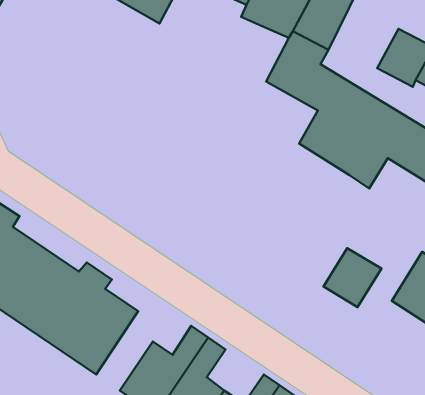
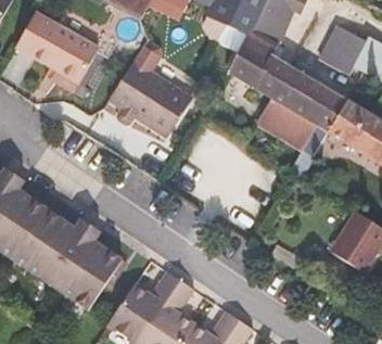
building: none -> [15,12,99,82]
building: none -> [109,60,192,137]
building: [323,248,381,307] -> none

